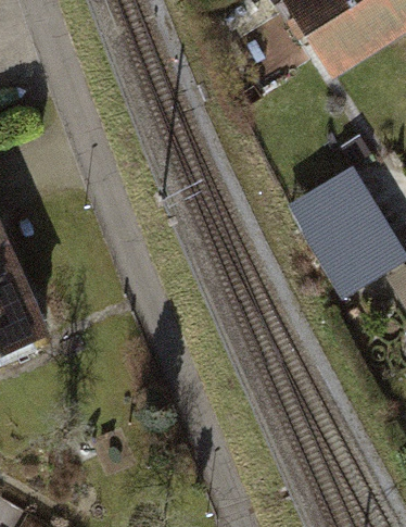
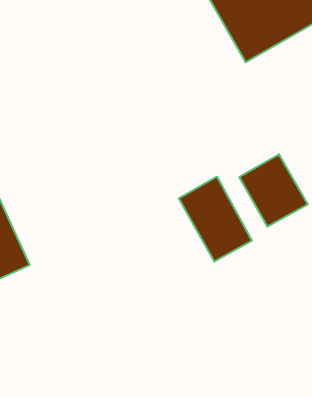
building: none -> [179,177,252,262]

